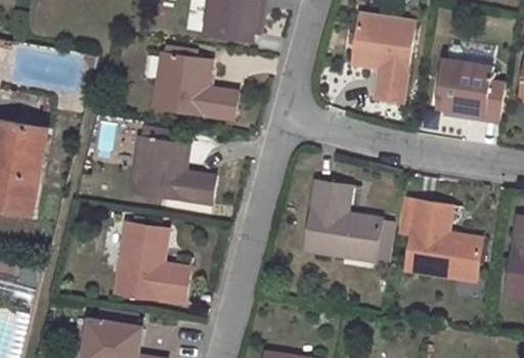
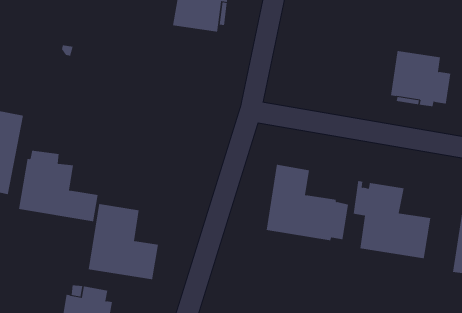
building: [352,13,414,102] -> none
building: [152,47,237,121] -> none
building: [130,128,216,205] -> [18,150,99,222]

